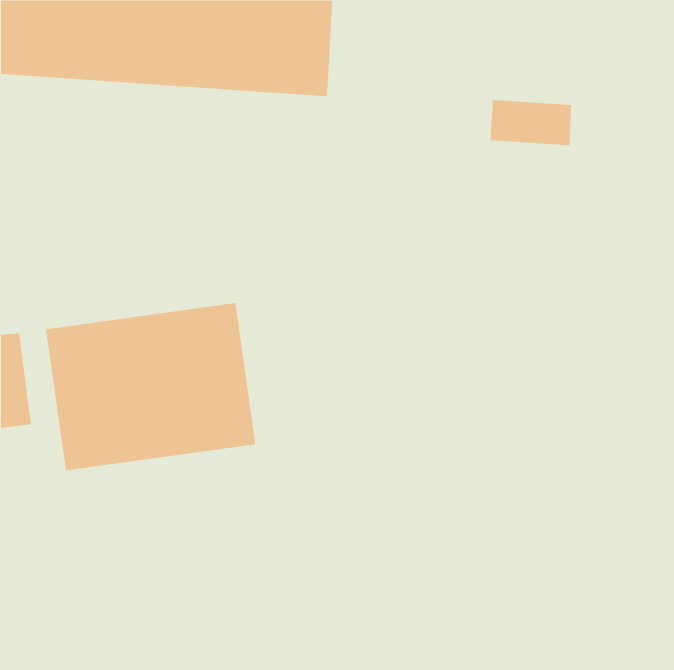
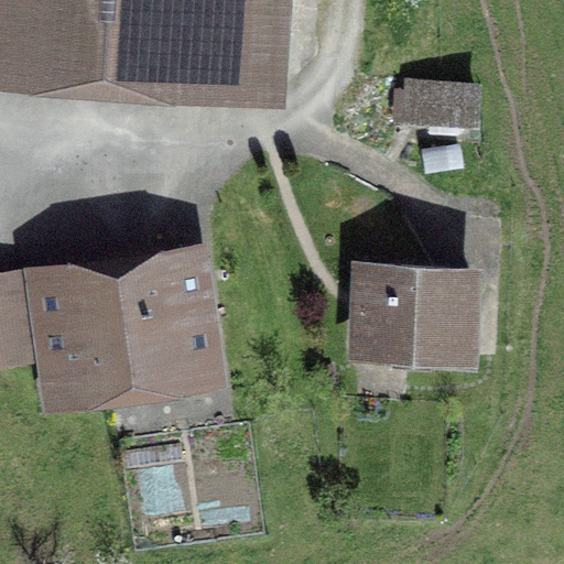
building: none -> [365,270,471,362]

